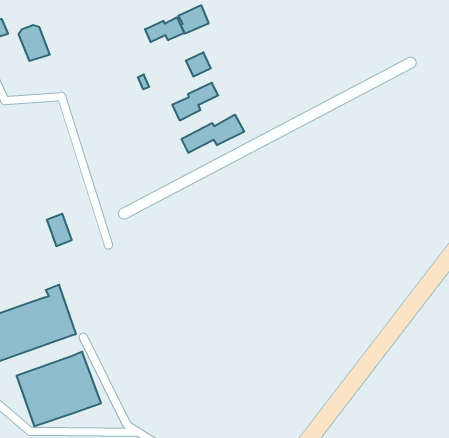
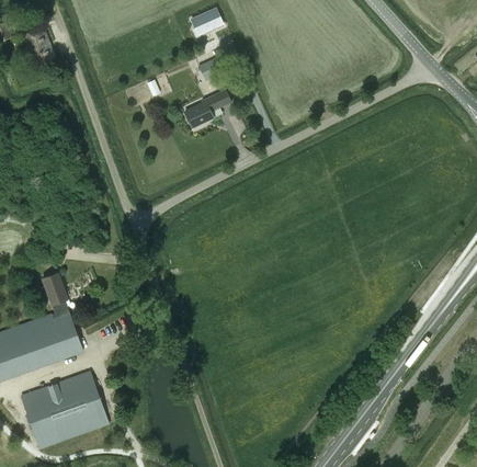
building: [145,17,184,42] -> none
building: [182,115,244,153] -> none
building: [47,214,72,246] -> [41,272,67,306]

